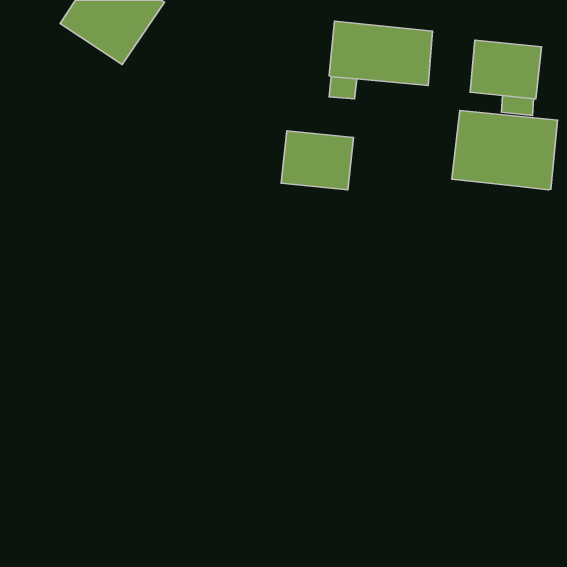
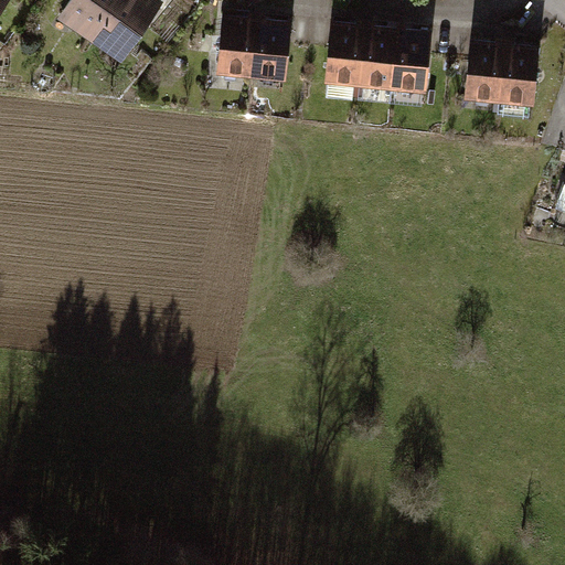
building: [452,111,558,190] -> none
building: [281,131,353,190] -> [217,15,289,74]

